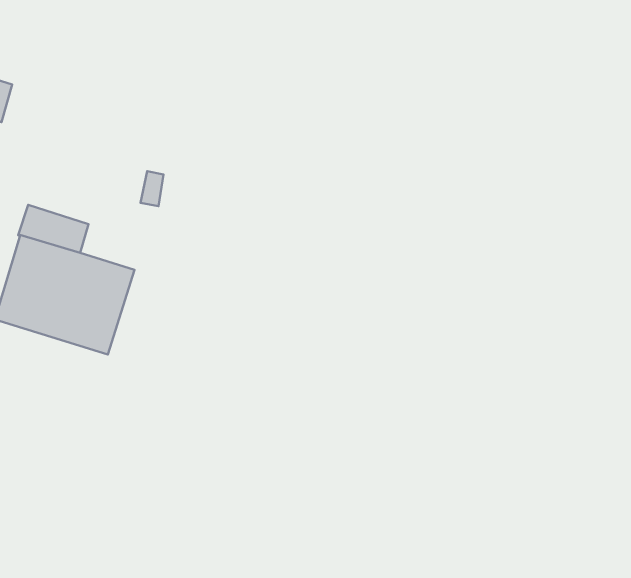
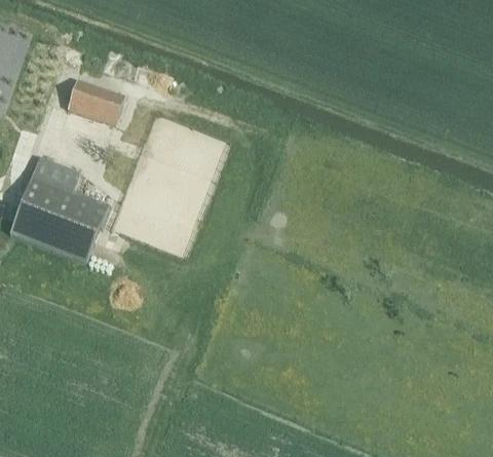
building: none -> [66,78,124,123]

